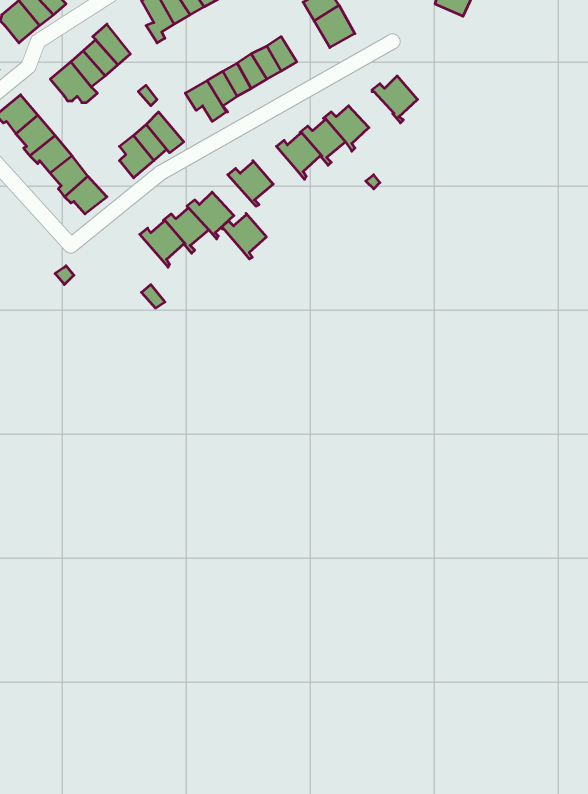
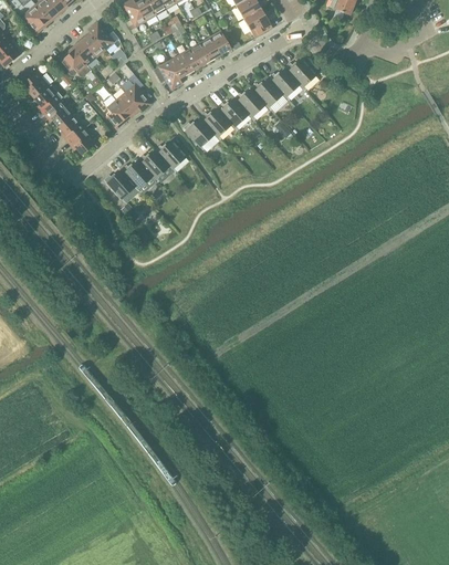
building: none -> [268,69,300,101]
building: [221,213,266,259] -> [199,107,231,139]
building: none -> [103,169,135,202]

